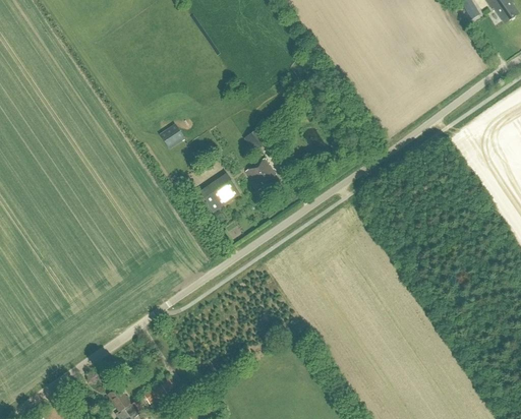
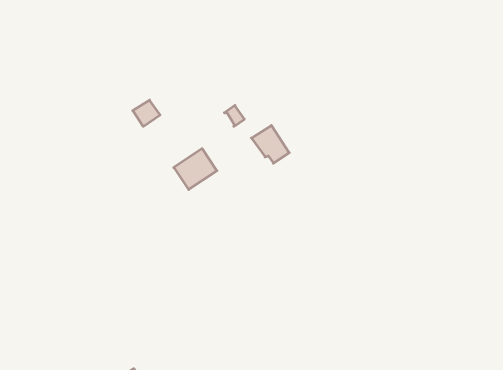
building: [244,159,281,195] -> [251,125,289,163]

